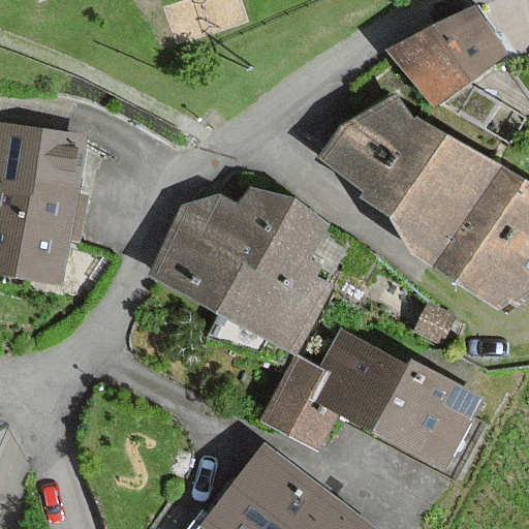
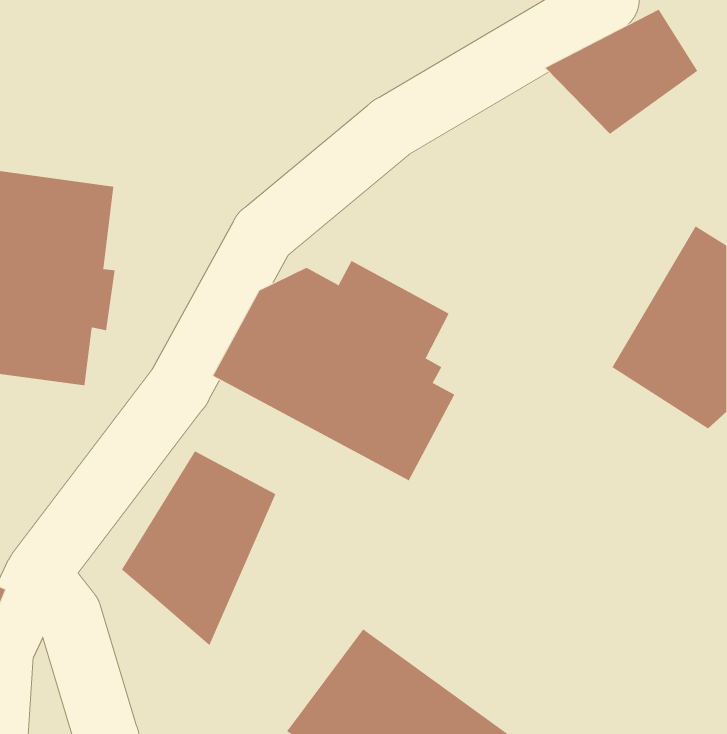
building: [321,101,497,266] -> none
building: none -> [121,450,276,646]
building: [262,329,476,467] -> none

